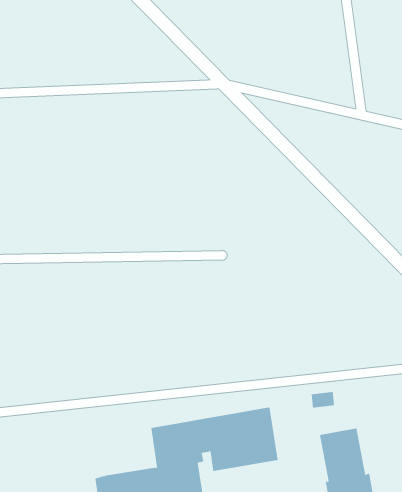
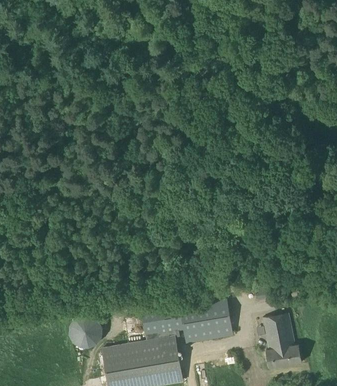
building: none -> [69,313,103,347]

